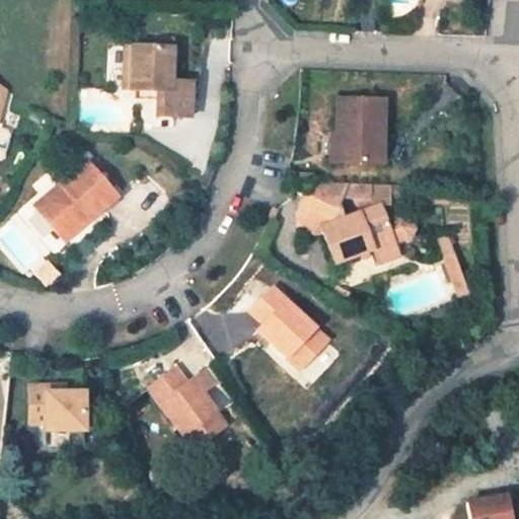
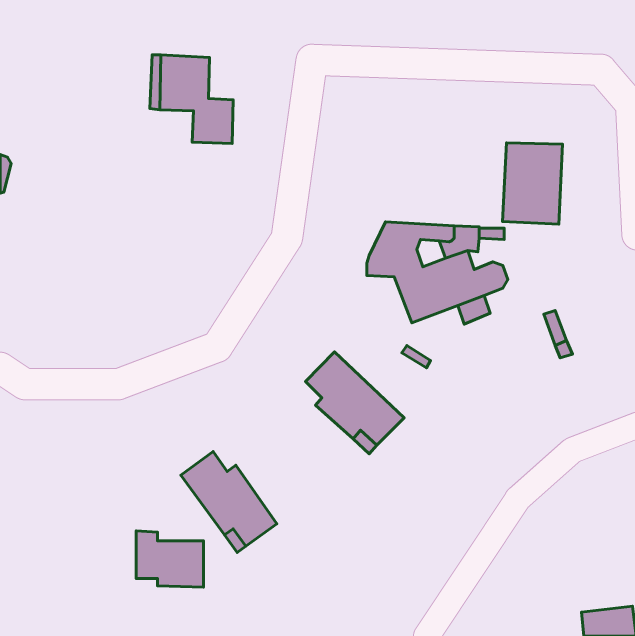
building: [337,97,385,163] -> [503,143,562,224]
building: [35,161,117,237] -> none
building: [29,384,84,430] -> [136,531,204,587]

